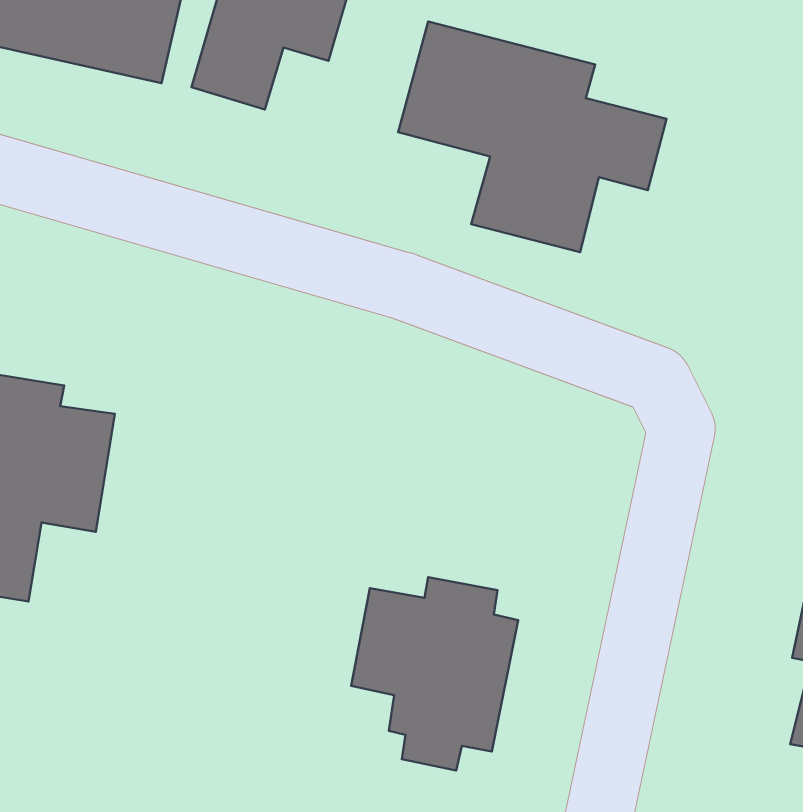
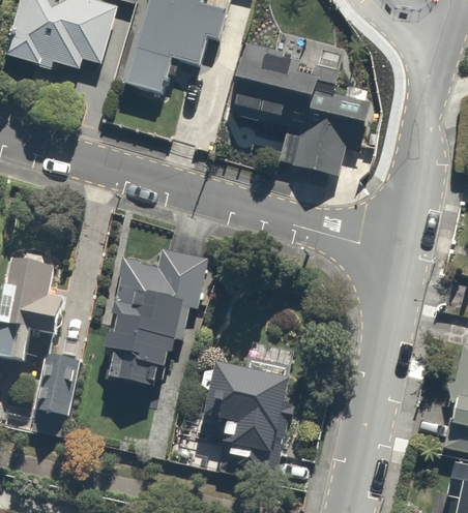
building: none -> [97,238,207,388]
building: none -> [40,359,75,414]

